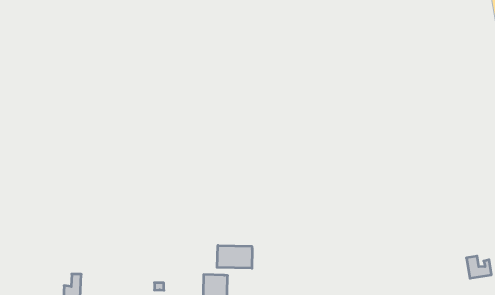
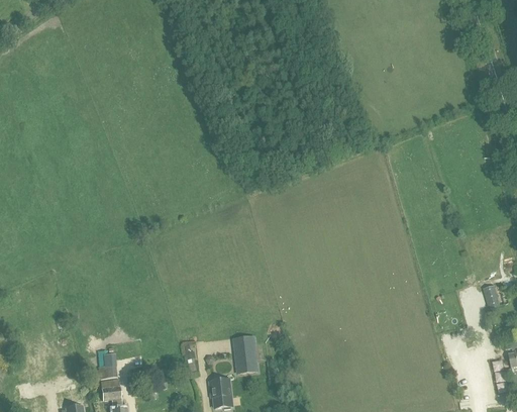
building: [217,245,252,268] -> none

